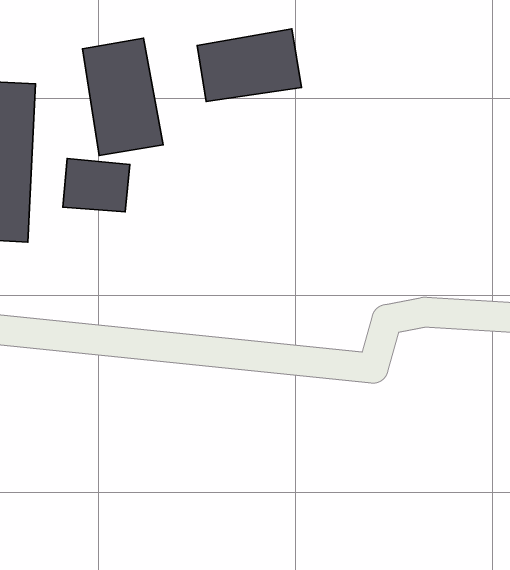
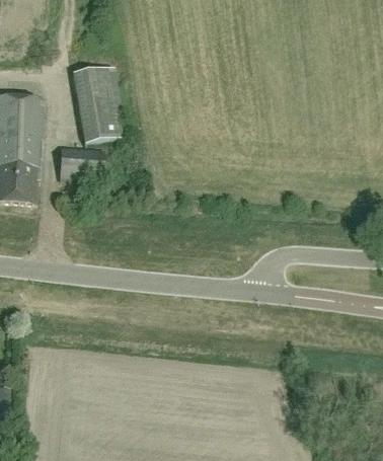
building: [197,29,301,101] -> none

